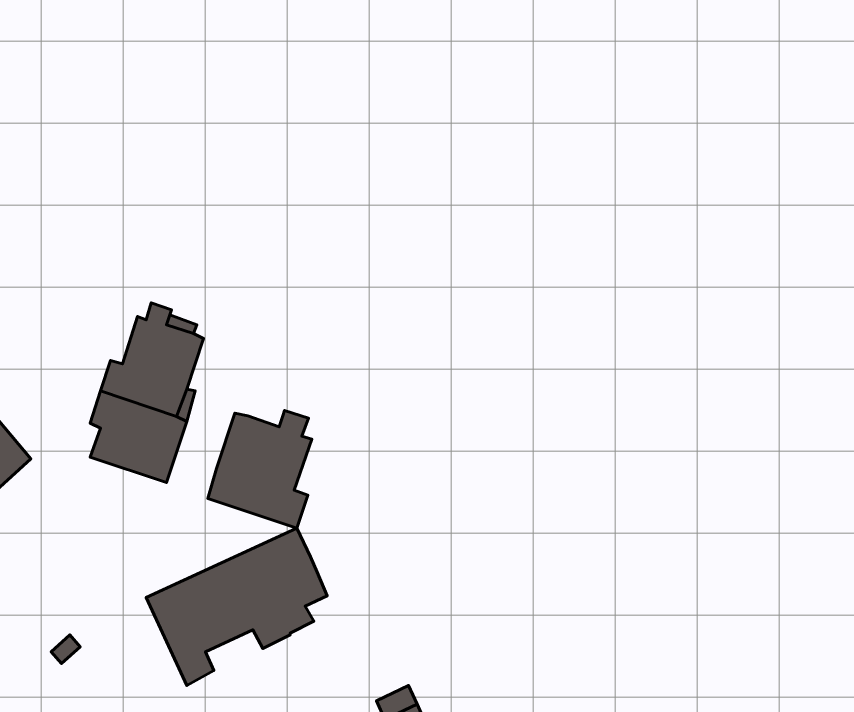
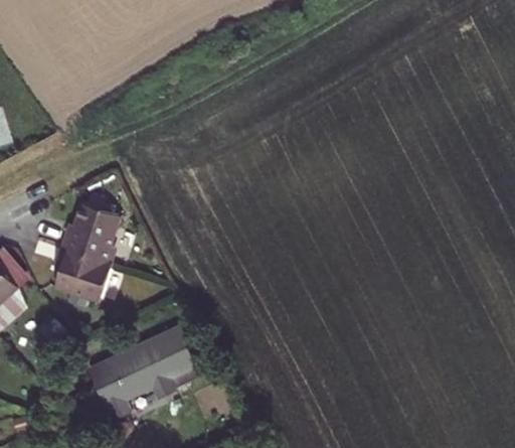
building: [208,410,312,528] -> none

